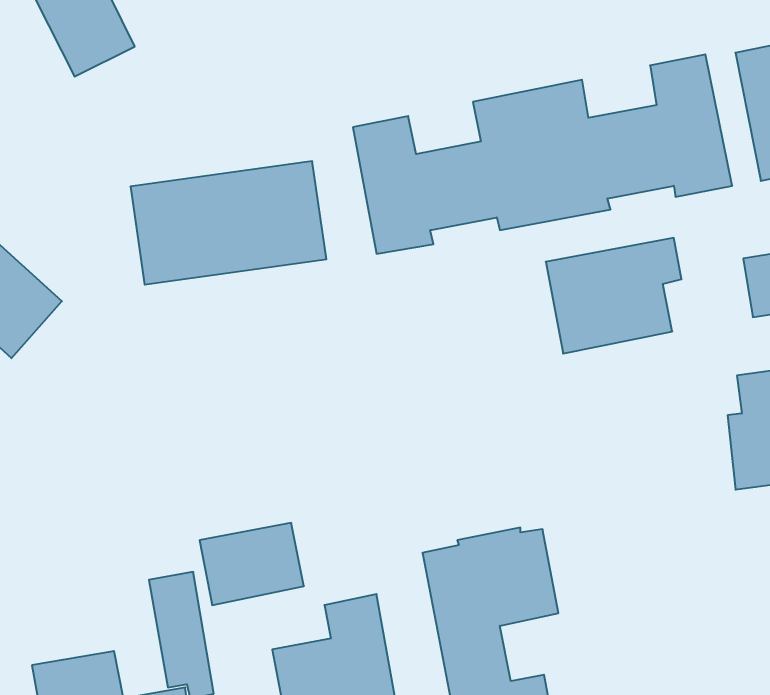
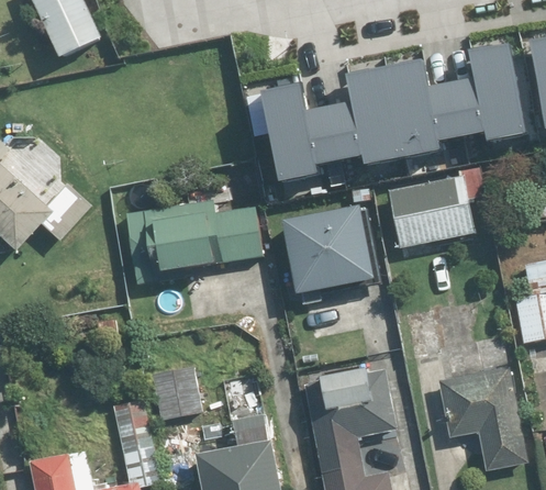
building: [130,161,326,285] -> [126,196,263,281]
building: none -> [288,207,381,292]
building: none -> [438,366,527,471]

